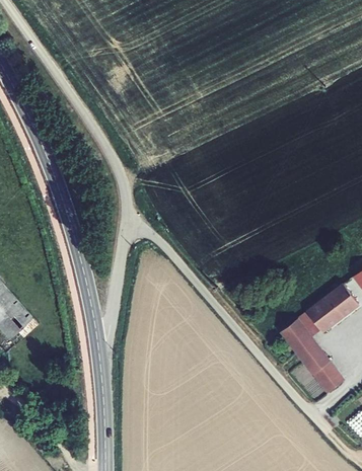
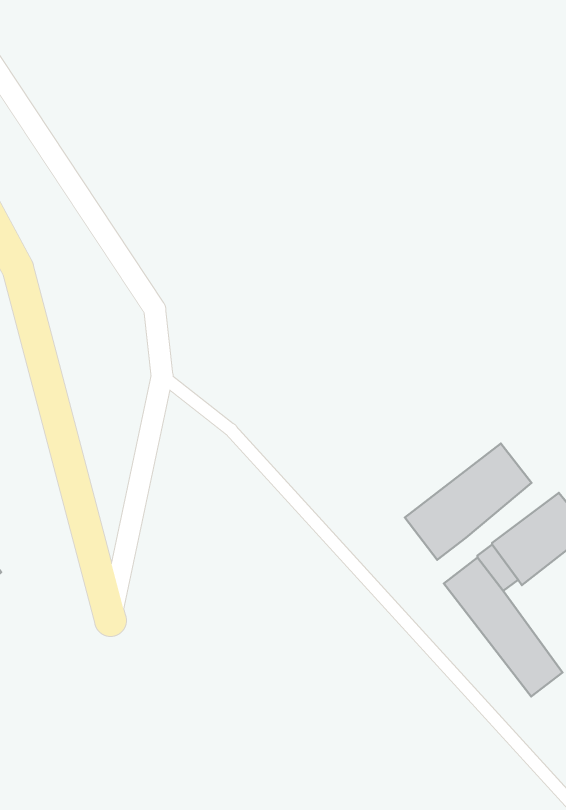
building: none -> [405,443,531,560]

